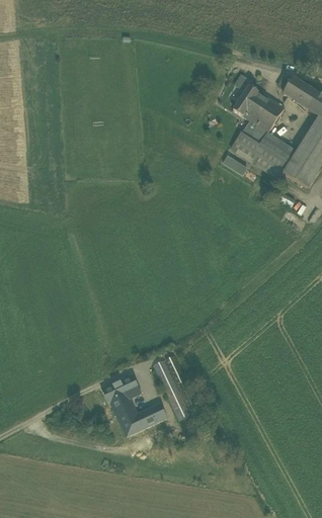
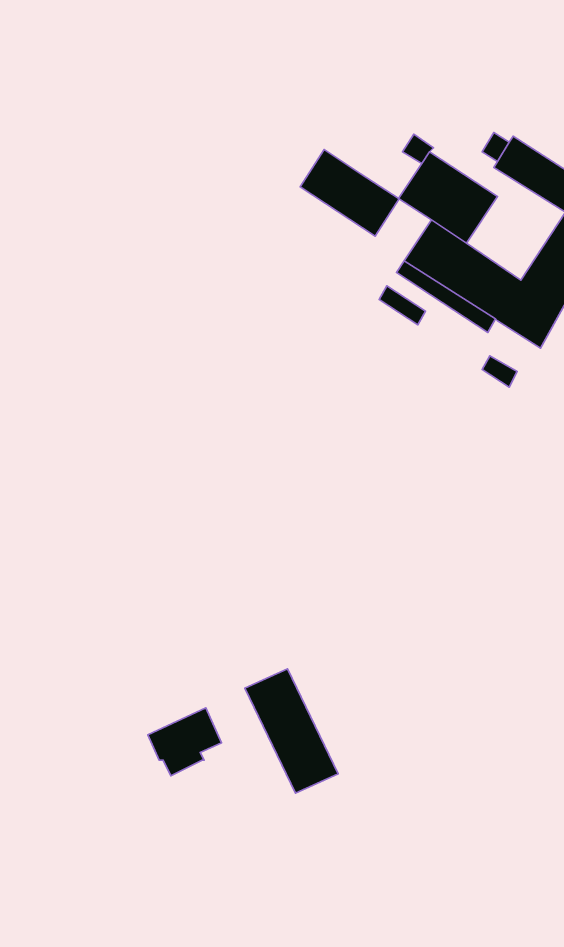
building: none -> [300,150,399,236]
building: [114,401,166,435] -> none

